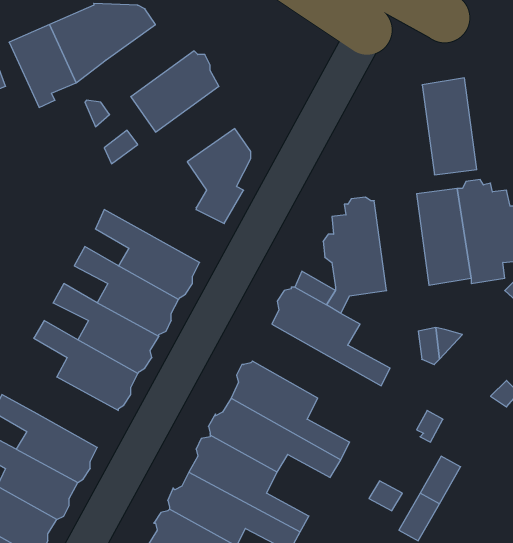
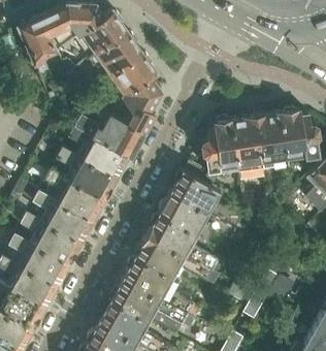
building: none -> [73,11,125,60]
building: [422,78,477,175] -> [230,117,262,173]
building: none -> [102,54,155,101]
building: none -> [72,115,142,158]
building: none -> [157,193,234,240]
building: none -> [19,213,80,265]

